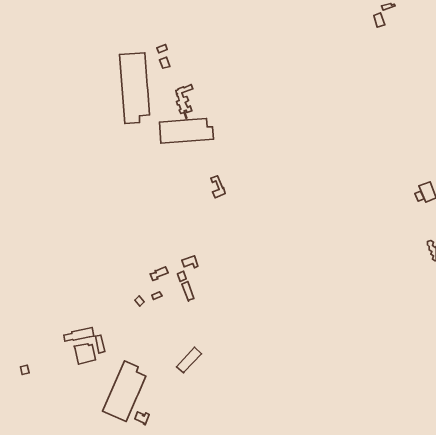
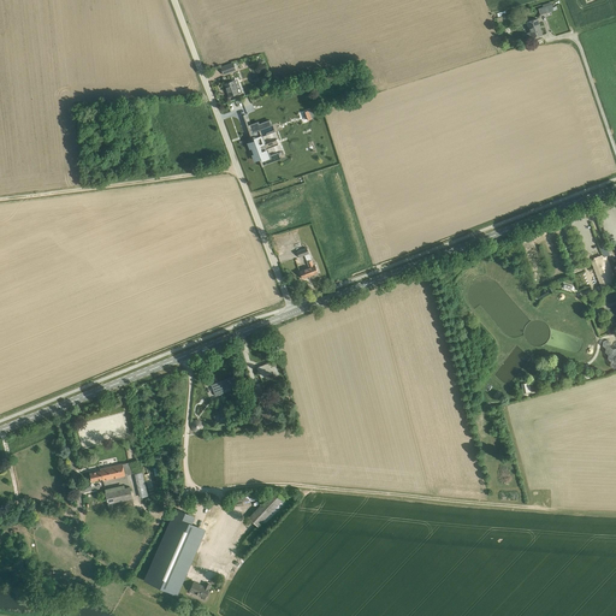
building: [119,53,149,124] -> none
building: [159,119,213,143] -> none

